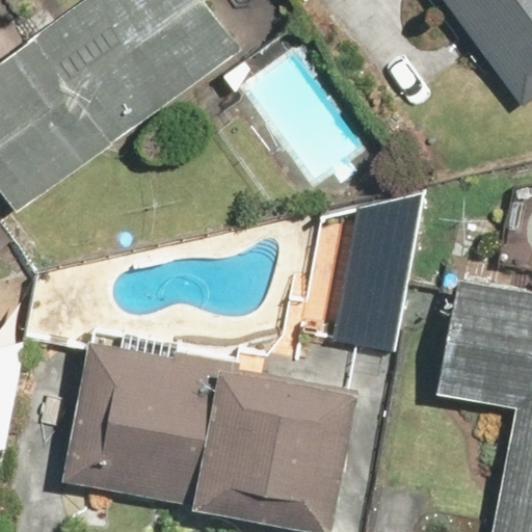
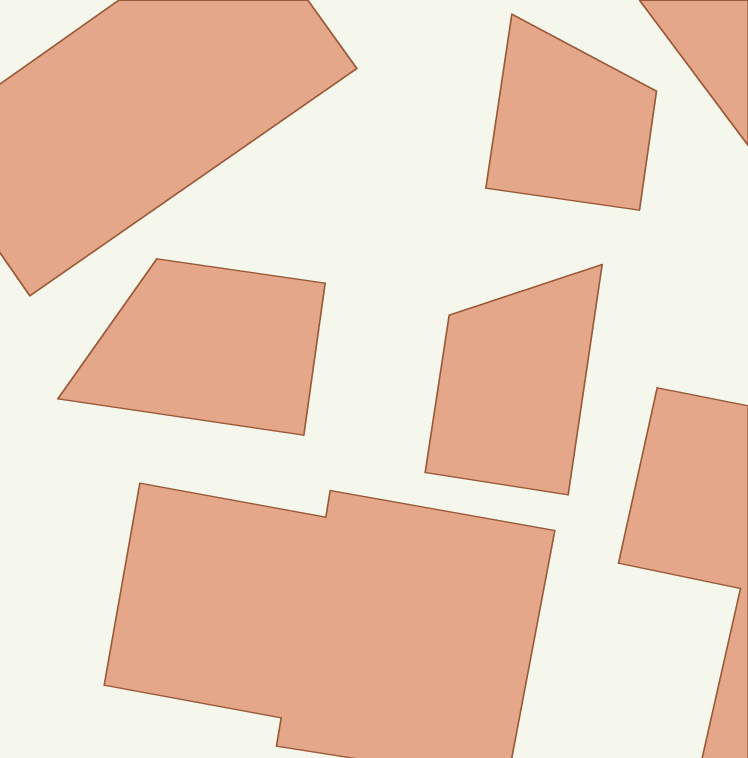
building: none -> [486,14,657,210]
building: none -> [58,259,325,435]

